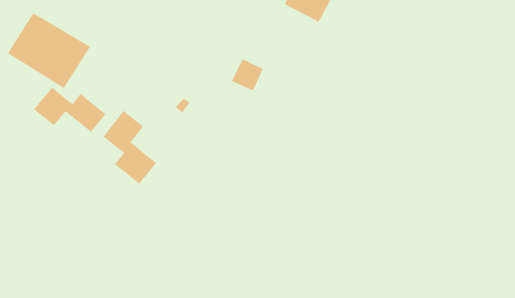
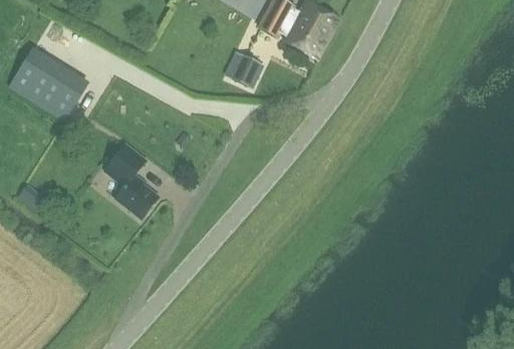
building: [231,59,264,91] -> [228,53,260,85]
building: [33,87,106,133] -> none

